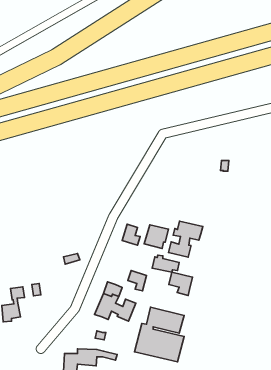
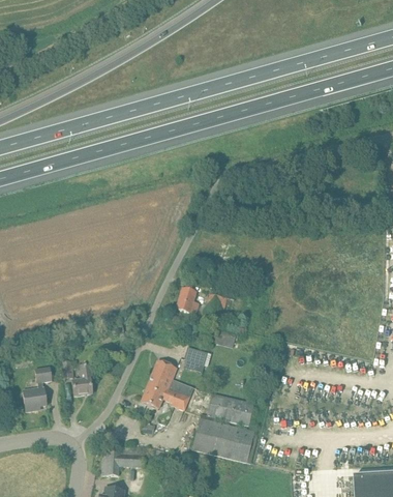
building: [168,221,203,257] -> none
building: [169,272,192,295] -> none
building: none -> [72,363,92,396]

